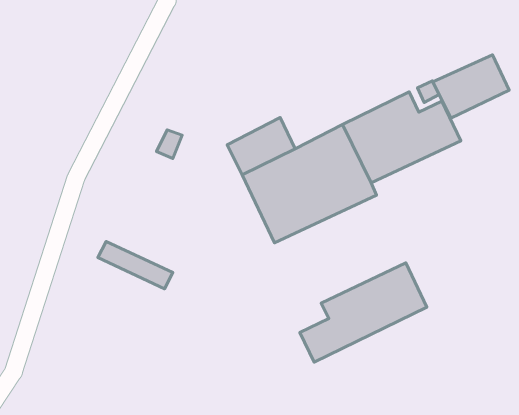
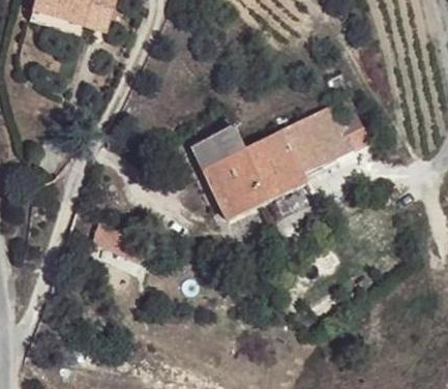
building: [433,55,509,118] -> none
building: [300,263,427,362] -> none

